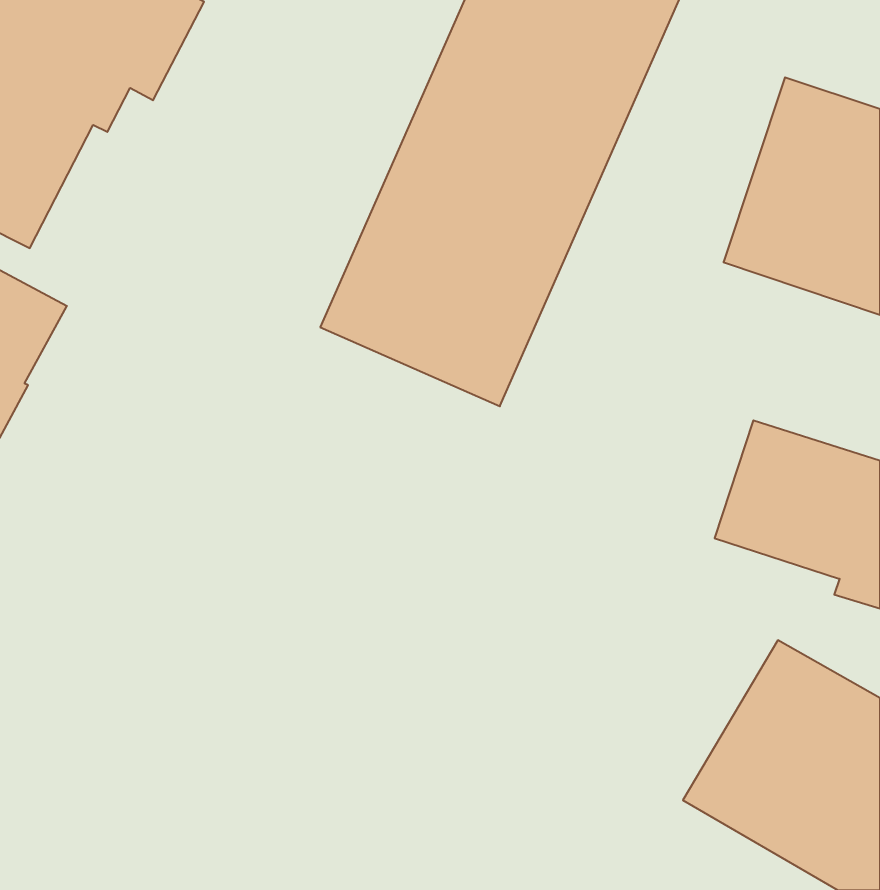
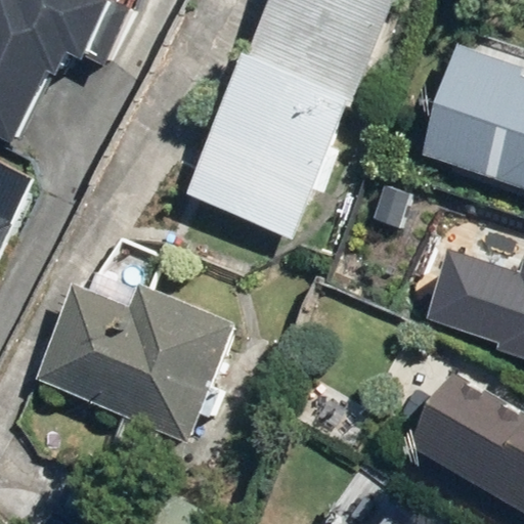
building: none -> [34,281,234,439]

